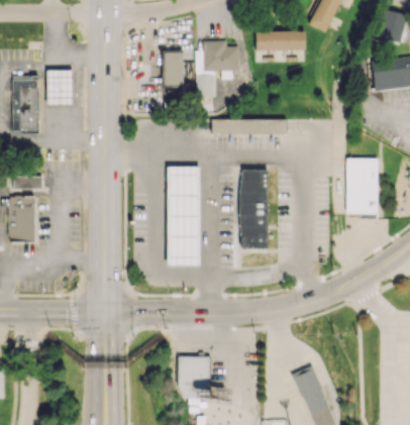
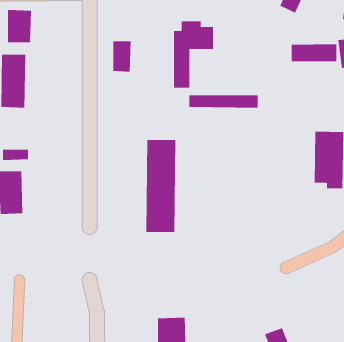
building: [255,30,305,49] -> [291,44,337,62]
building: [164,52,184,86] -> [112,41,131,72]
building: [46,70,73,105] -> [7,10,32,43]
building: [239,170,268,248] -> none

